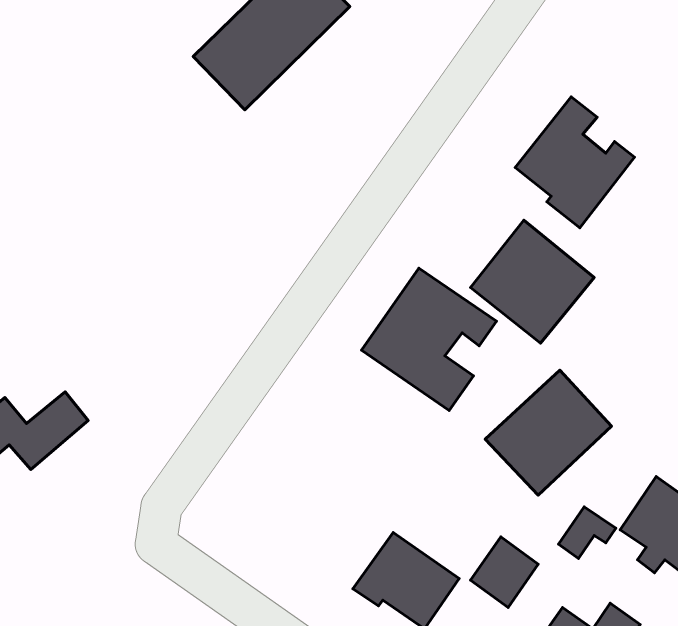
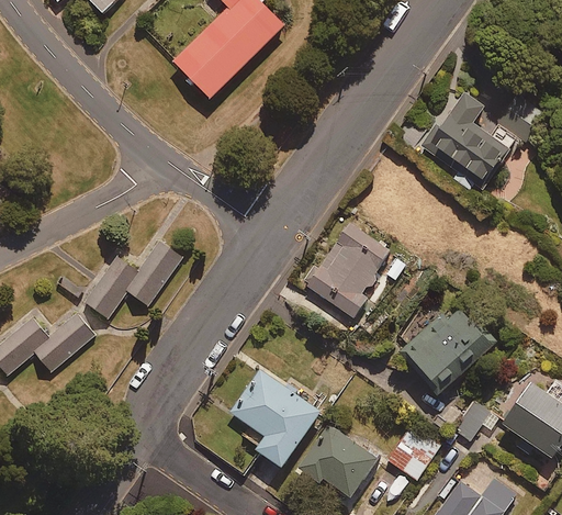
building: [470,220,594,343] -> none
building: none -> [85,240,182,318]
building: none -> [229,368,317,462]

